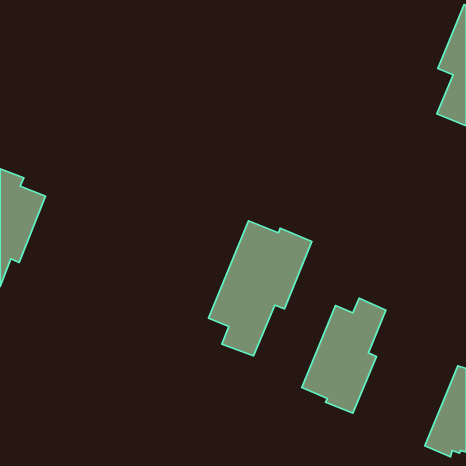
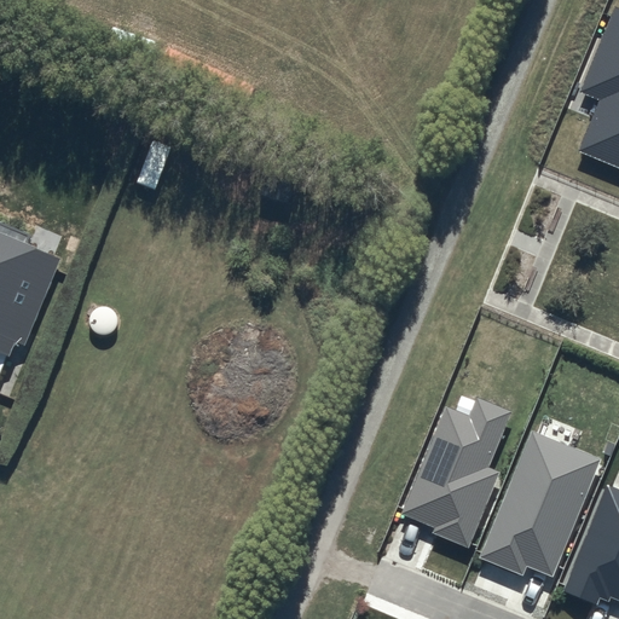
building: [208,221,312,356] -> none
building: none -> [480,430,601,577]

